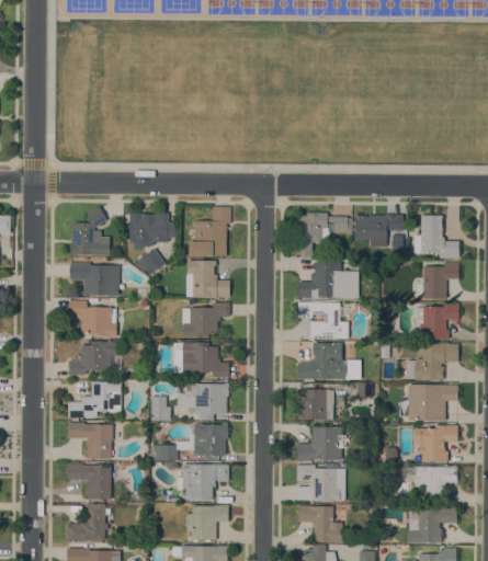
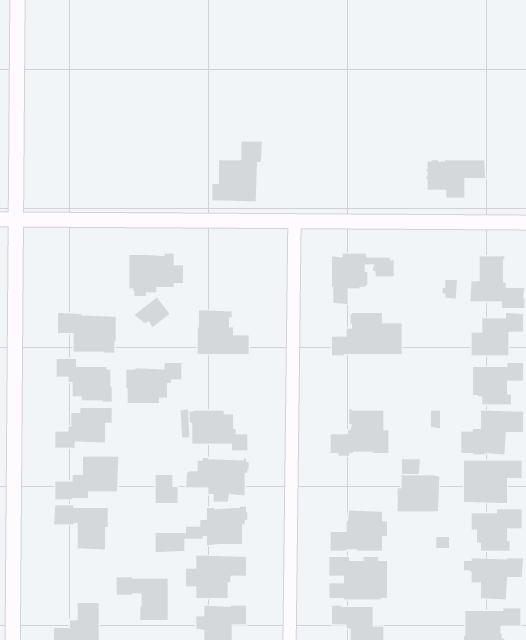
building: [68,206,110,255] -> none
building: [189,206,231,256] -> [212,141,263,202]
building: [353,215,404,247] -> [426,160,486,198]
building: [297,301,349,339] -> none
building: [182,302,229,336] -> [126,363,182,403]
building: [297,389,333,420] -> [397,475,440,512]
building: [67,463,111,500] -> [116,577,168,620]

